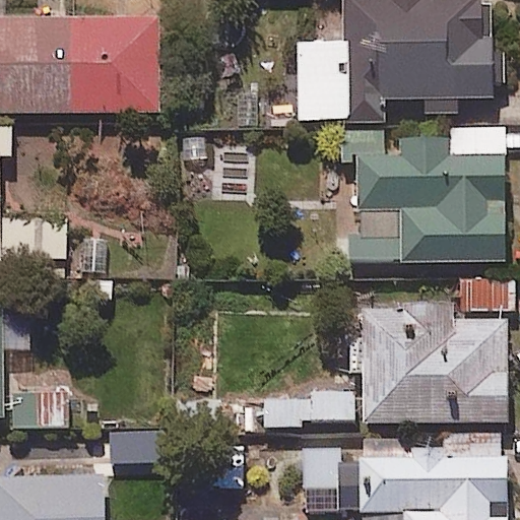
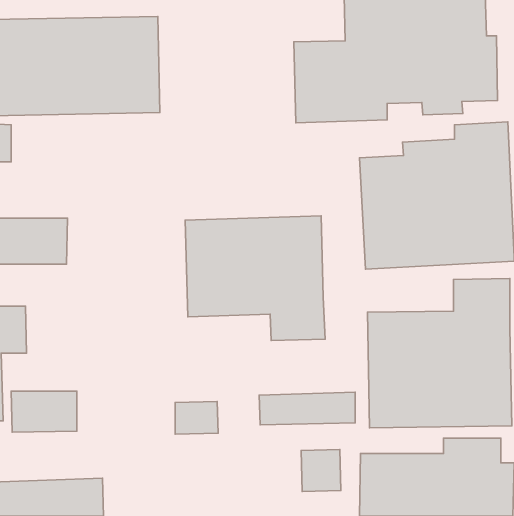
building: none -> [185,216,325,341]

